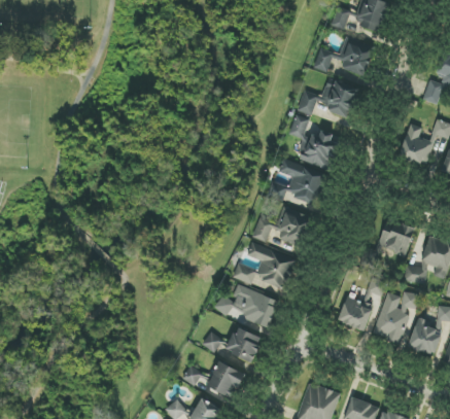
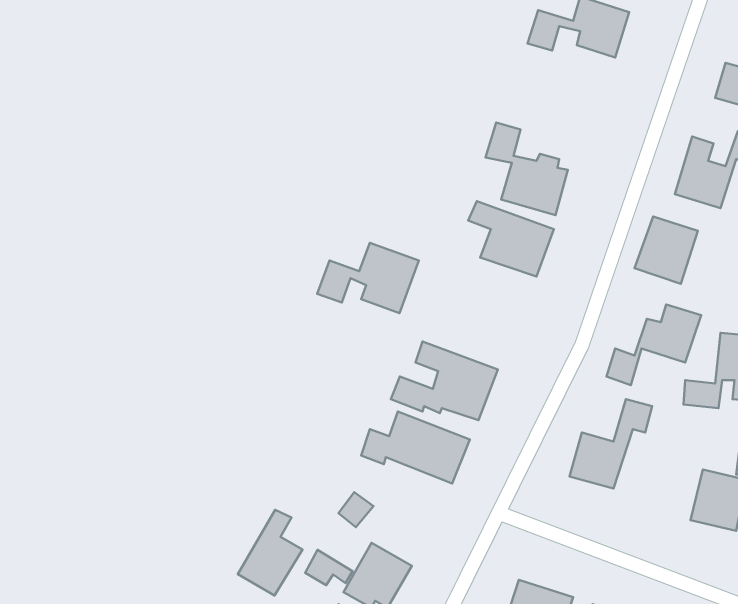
building: [298,80,357,116] -> none
building: none -> [634,216,698,284]
building: [252,207,312,248] -> [317,243,419,313]
building: [373,290,420,344] -> none
building: [227,327,262,361] -> none
building: none -> [238,510,303,595]

